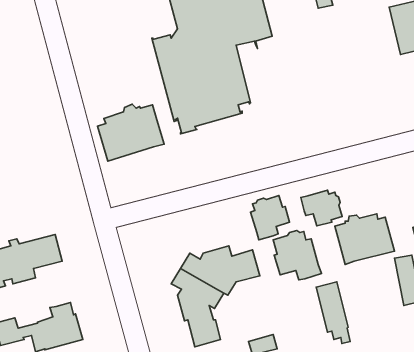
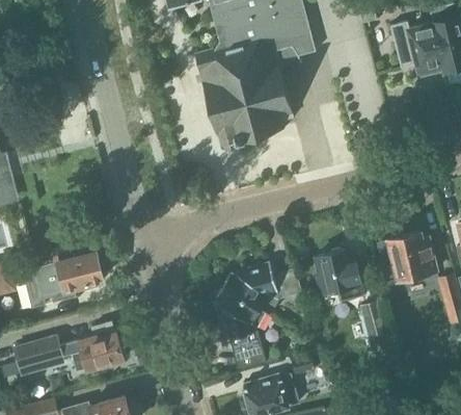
building: none -> [389,22,444,75]
building: [97,104,164,161] -> none
building: [301,190,342,226] -> none
building: [251,196,289,240] -> none

